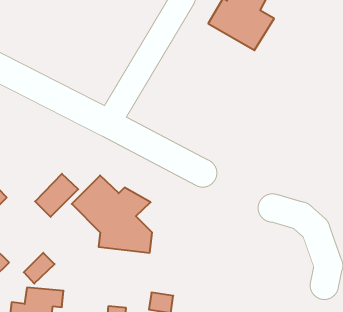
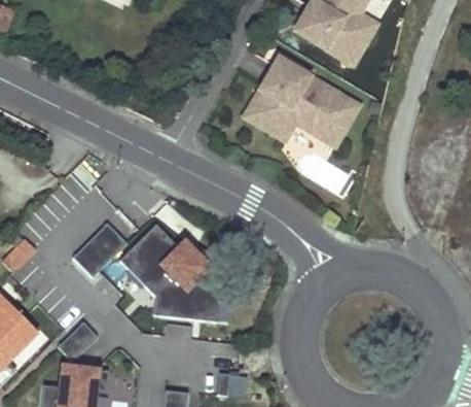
building: none -> [241,57,357,146]

